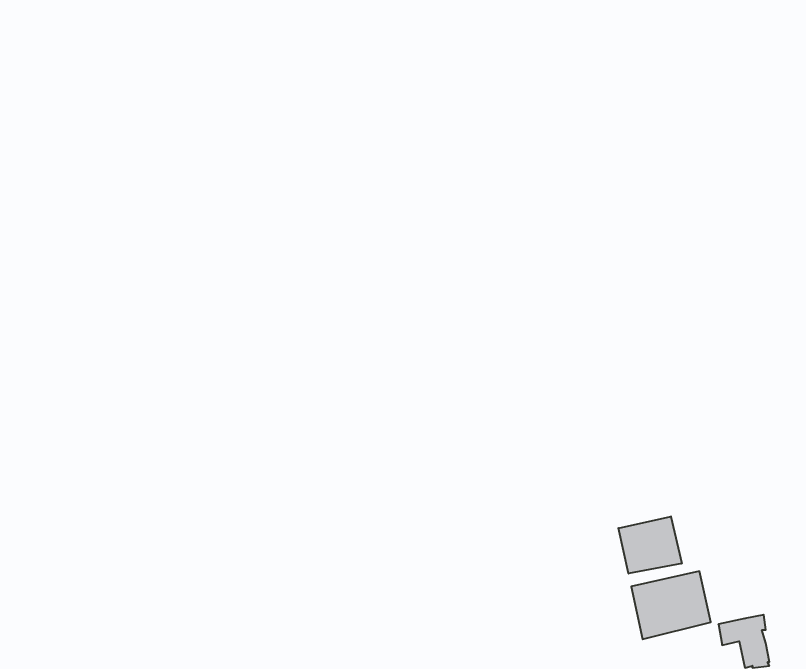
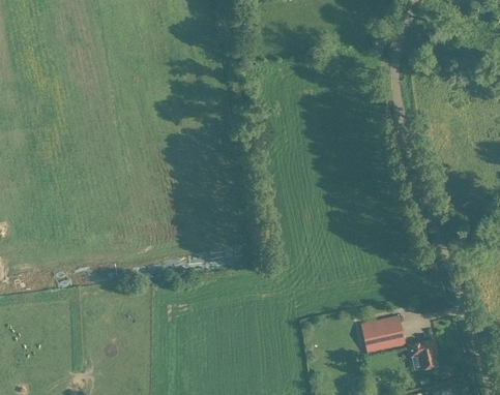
building: [618,516,682,574] -> none

